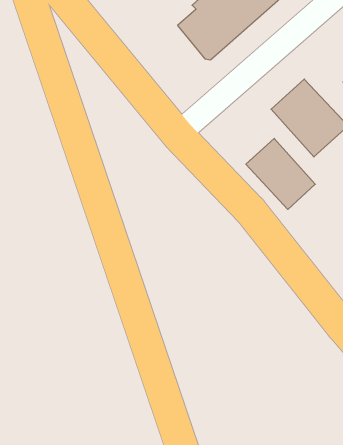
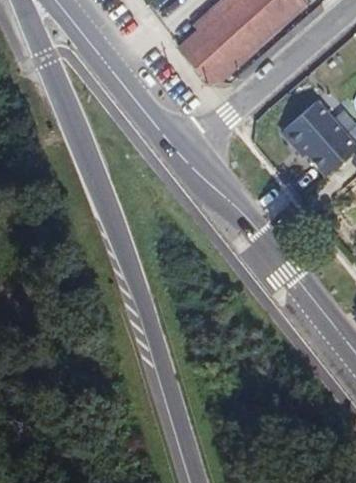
building: [246,138,315,209] -> none

